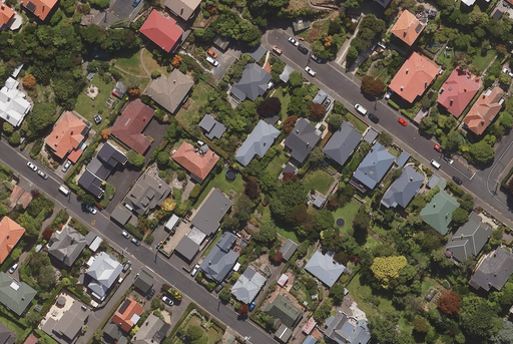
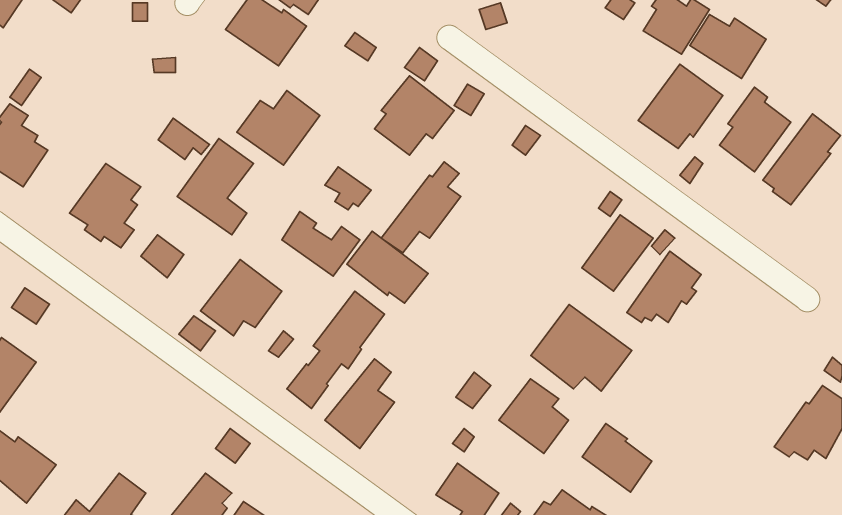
building: none -> [690,14,766,78]
building: [284,117,323,162] -> none
building: [321,121,363,164] -> none
building: [96,141,127,166] -> [158,118,210,160]
building: none -> [347,231,428,303]
building: [76,167,102,197] -> none
building: [418,174,463,233] -> none
building: none -> [531,305,632,391]
building: [444,209,495,266] -> none
building: [45,226,102,268] -> none
building: [82,252,121,302] -> none
building: [228,265,267,305] -> none
building: none -> [582,424,652,492]

